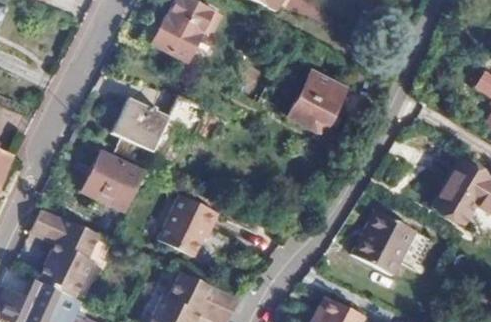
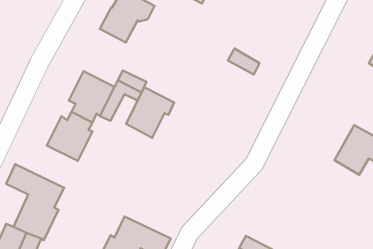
building: [289,83,338,129] -> none
building: [160,195,219,257] -> [126,87,174,138]
building: [354,212,417,276] -> none

